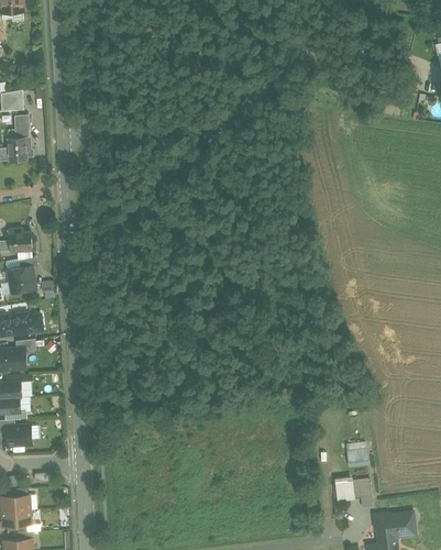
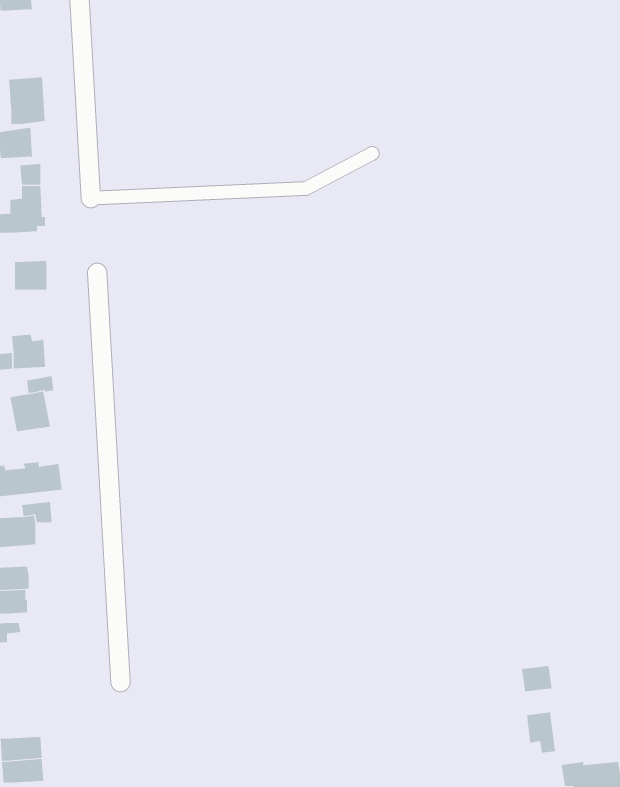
building: none -> [8,76,45,125]
building: none -> [15,260,47,291]
building: [7,425,31,444] -> none

